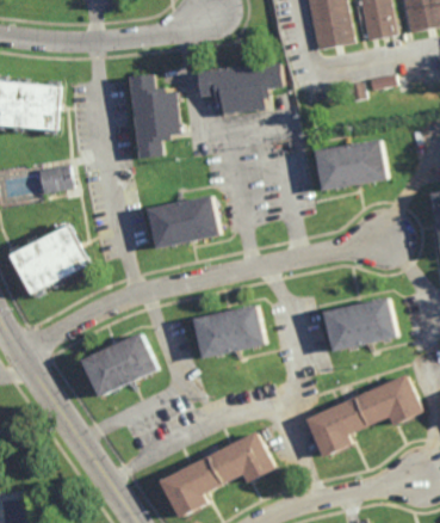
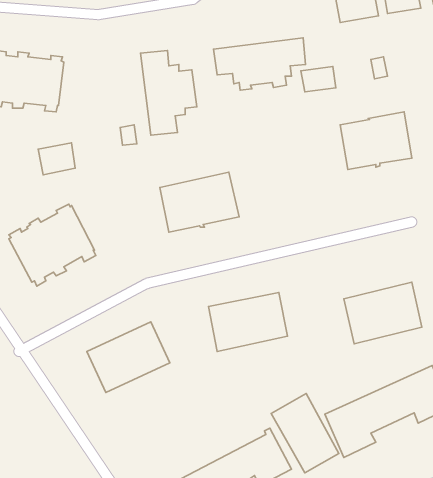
building: none -> [301,67,336,92]
building: none -> [271,394,339,473]

